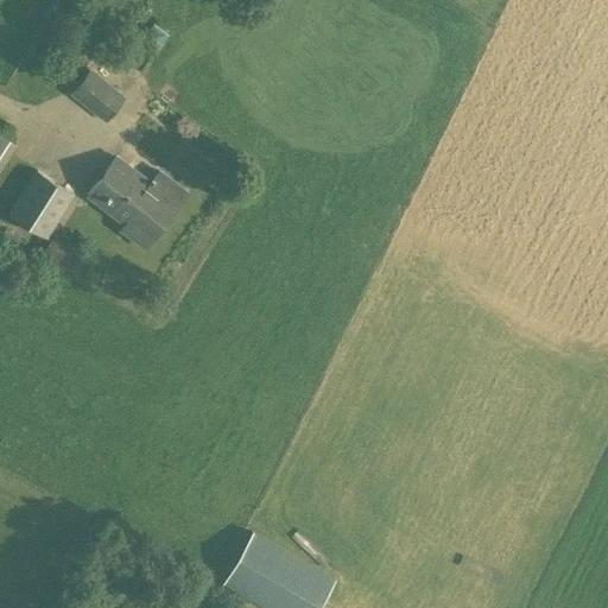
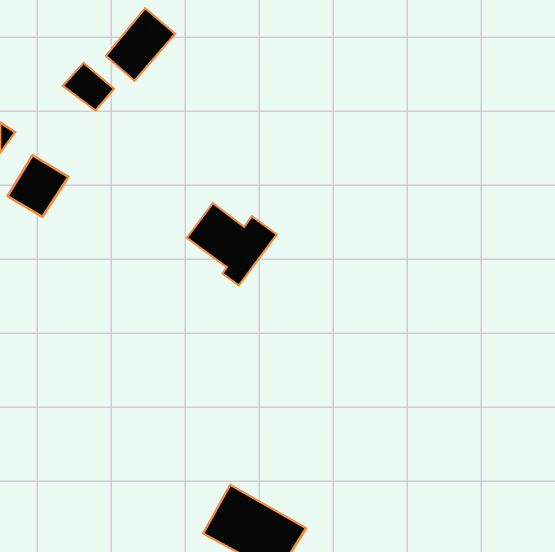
building: none -> [106,8,175,81]
building: [88,159,186,249] -> [187,203,277,285]

